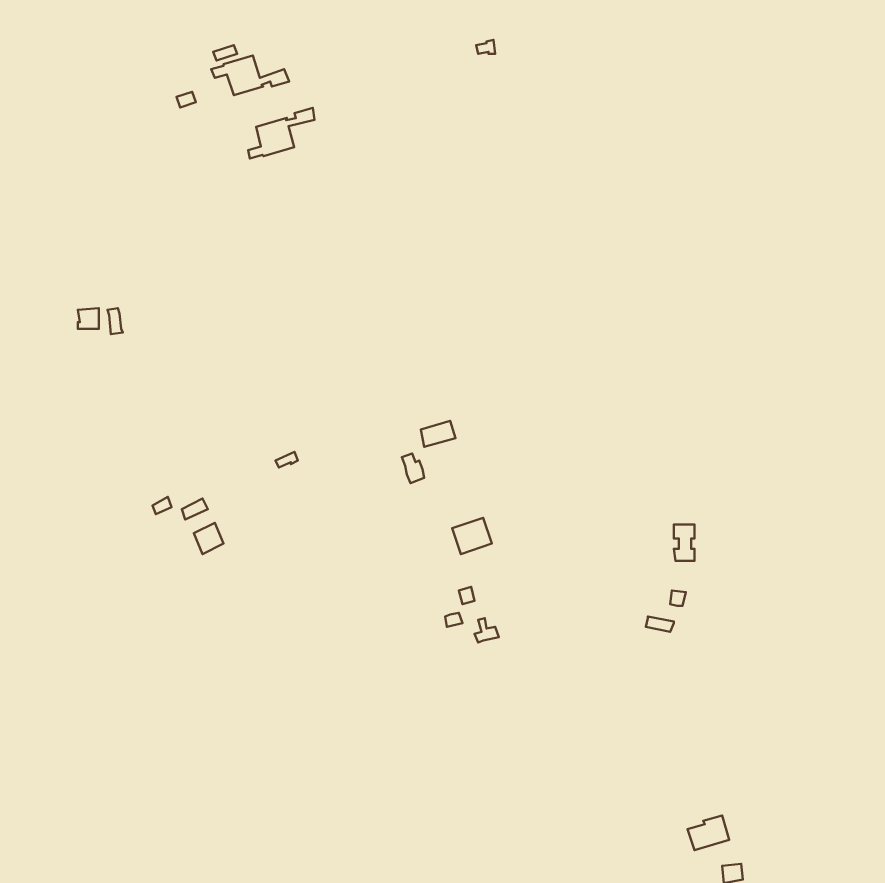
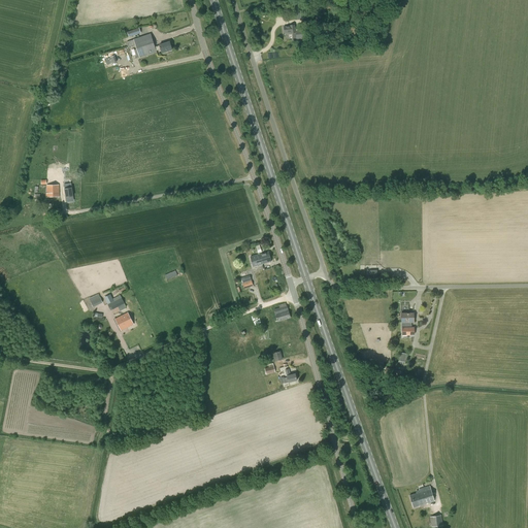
building: [248,108,315,159] -> none

